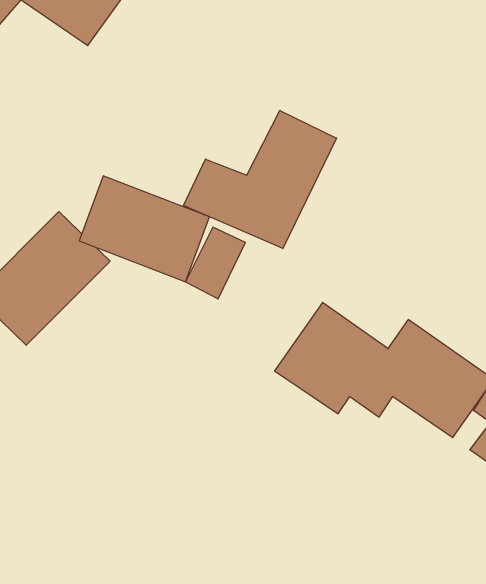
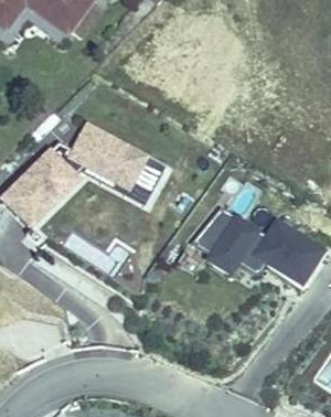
building: [184,110,337,249] -> none

